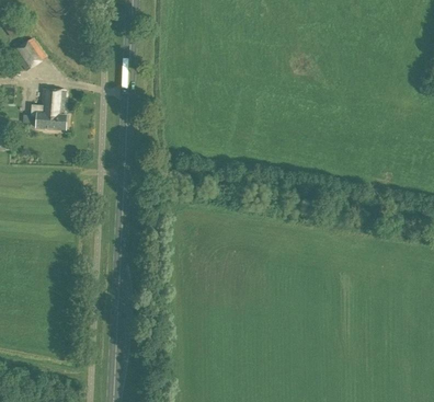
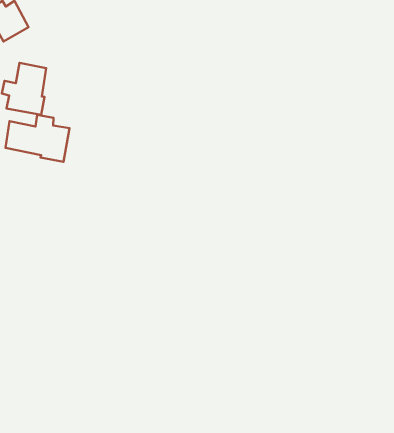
building: none -> [5,115,70,162]

